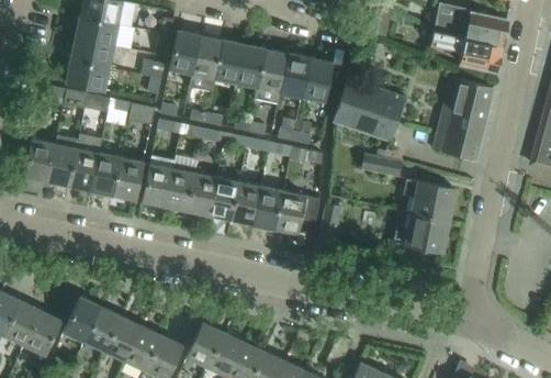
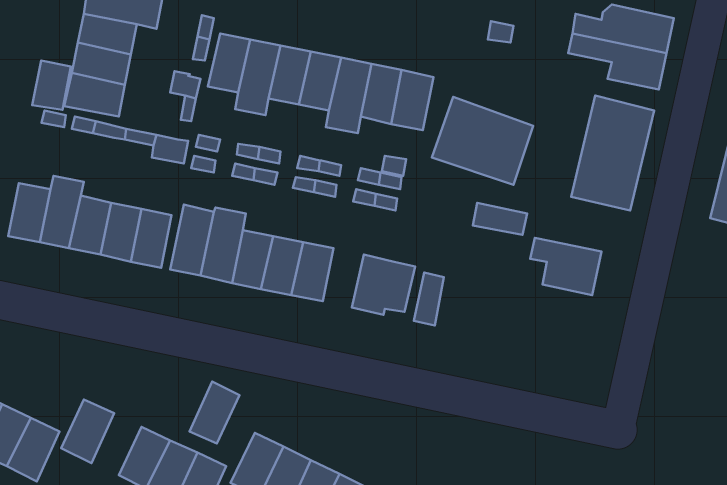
building: none -> [32,61,71,110]
building: [252,187,282,230] -> none
building: [393,211,448,252] -> none
building: [85,307,121,352] -> [190,381,239,443]

